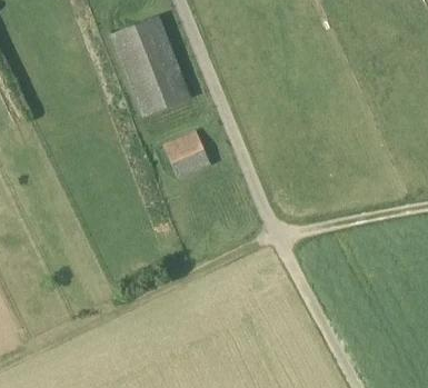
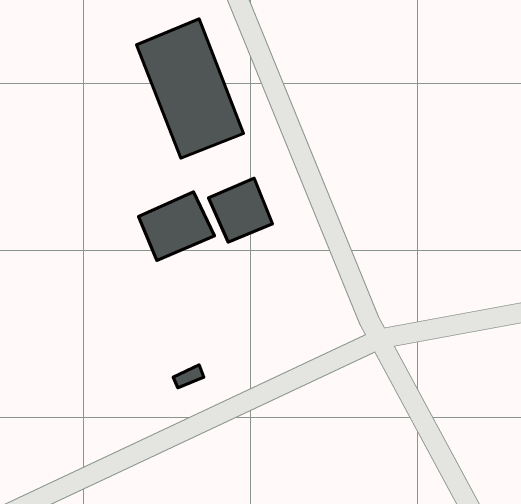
building: none -> [139,192,214,261]

